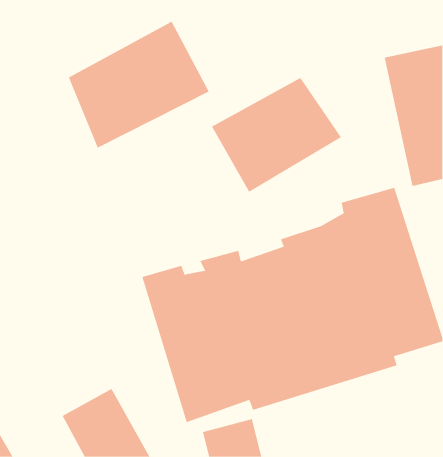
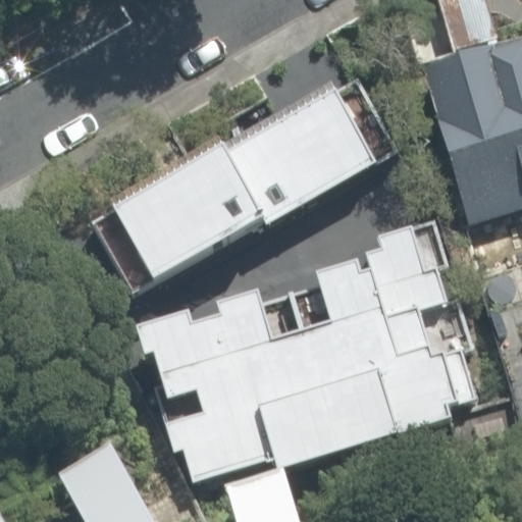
building: [68,21,210,148] -> none
building: none -> [115,144,283,285]

